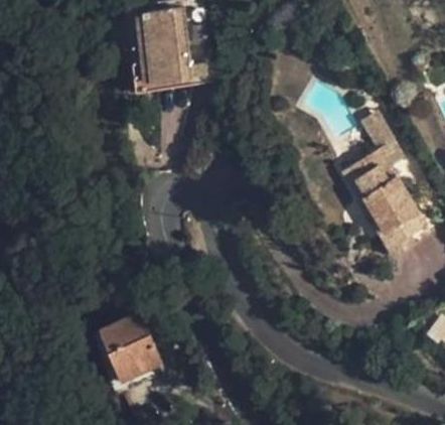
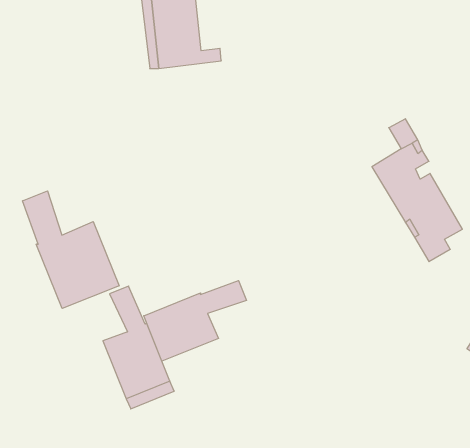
building: none -> [23,191,119,308]
building: none -> [144,281,246,361]

